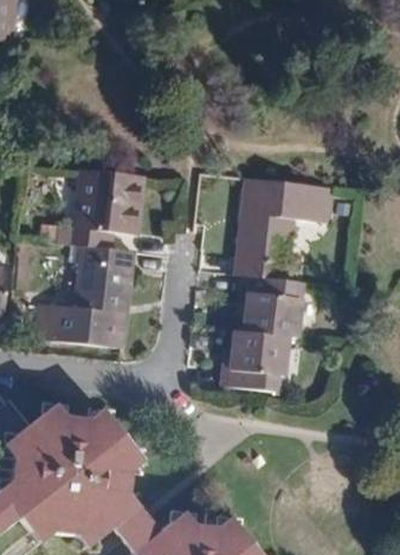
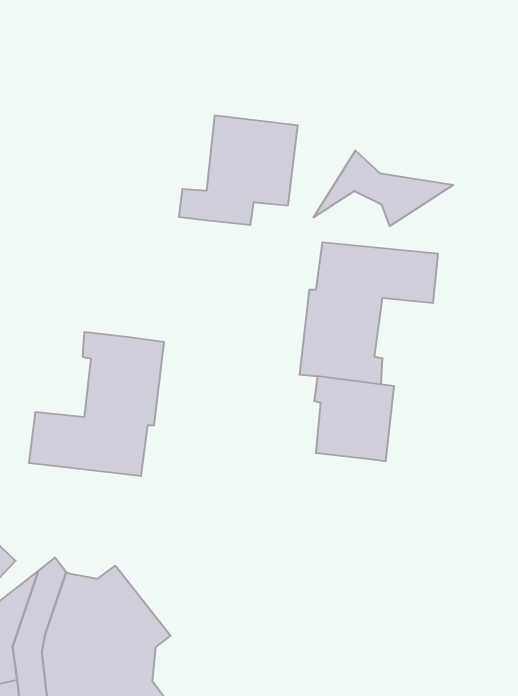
building: none -> [313,150,453,226]
building: [57,167,143,246] -> [179,116,298,225]
building: [225,329,288,391] -> none

